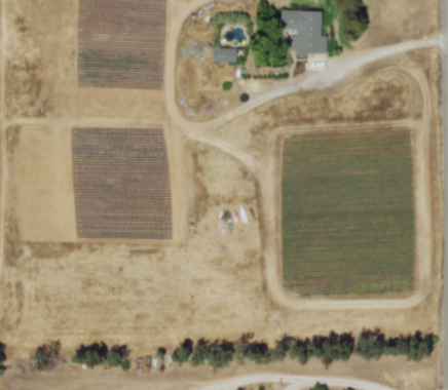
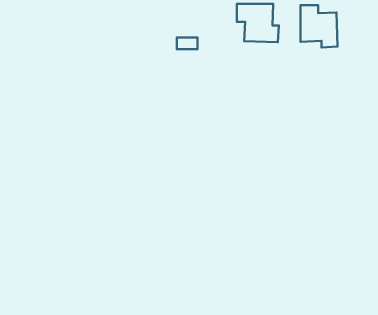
building: none -> [300,5,337,47]

